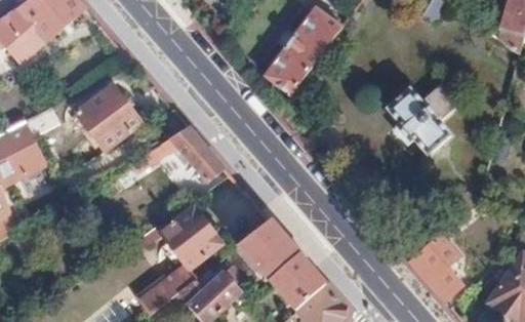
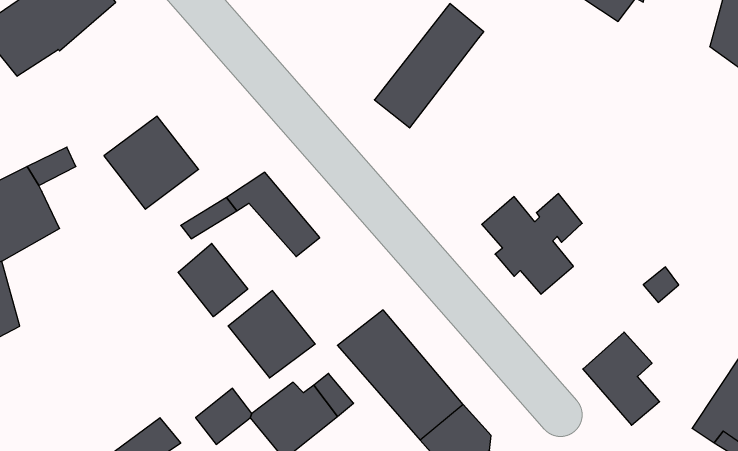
building: [387,86,456,156] -> [482,194,582,294]
building: none -> [178,243,248,317]

